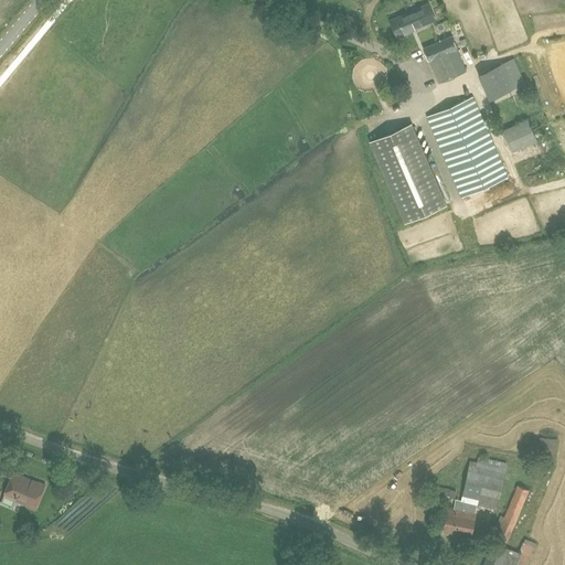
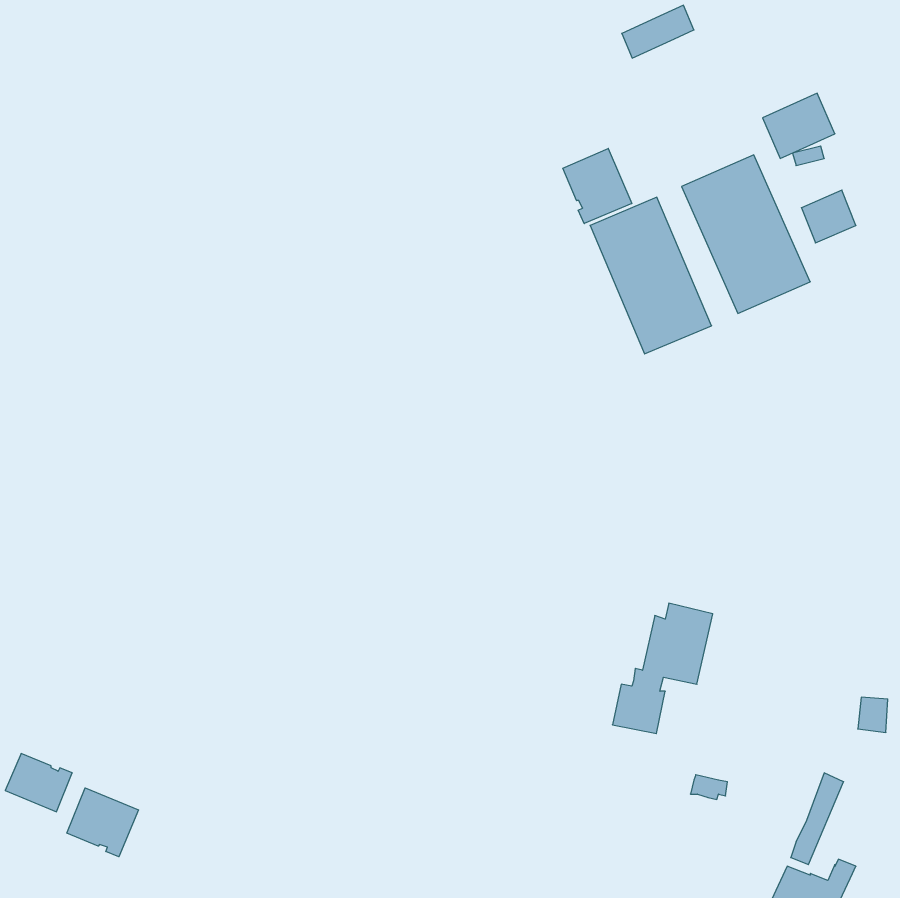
building: [423,36,466,83] -> none
building: none -> [563,148,632,224]
building: [443,458,505,540] -> [612,603,713,734]
building: none -> [67,788,138,857]

